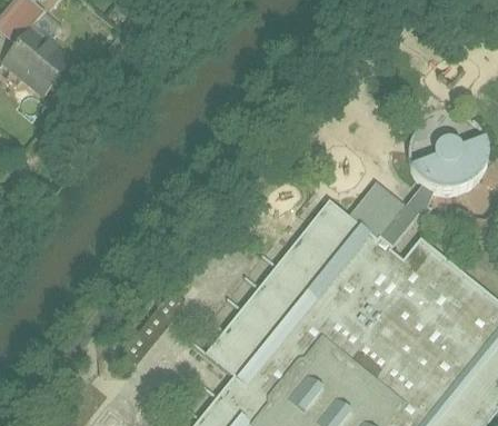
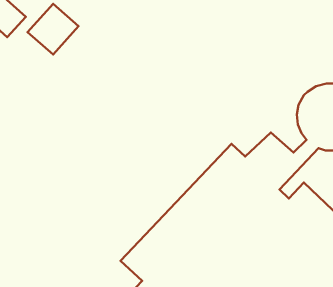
building: none -> [28,4,79,55]

